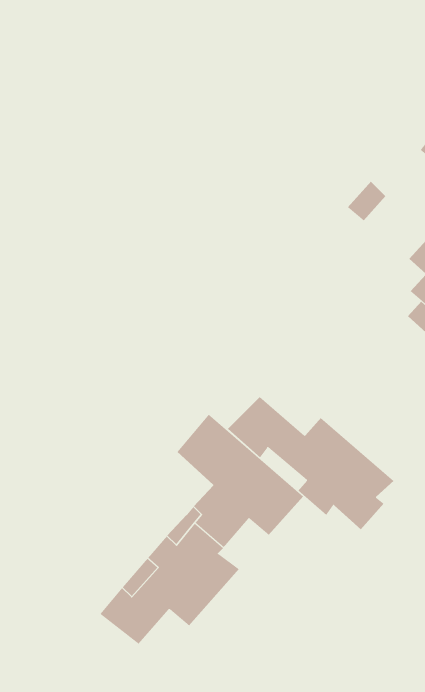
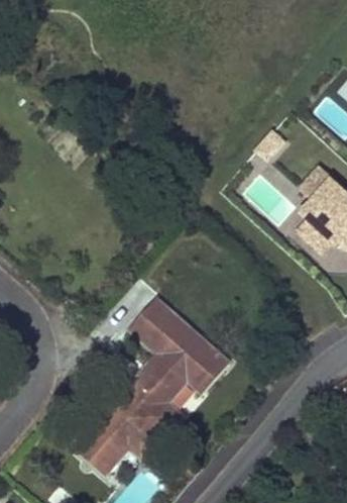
building: [227,396,395,530] -> none

